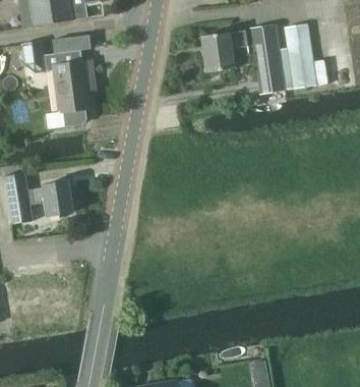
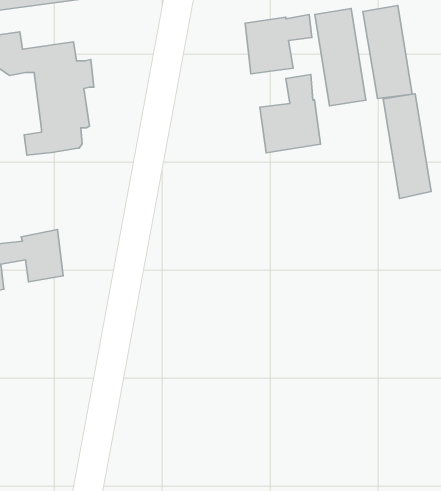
building: none -> [260,75,320,153]
building: none -> [383,94,431,198]

